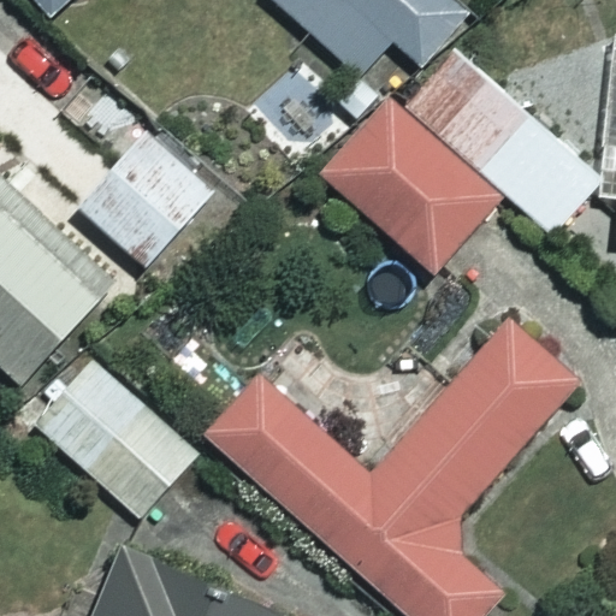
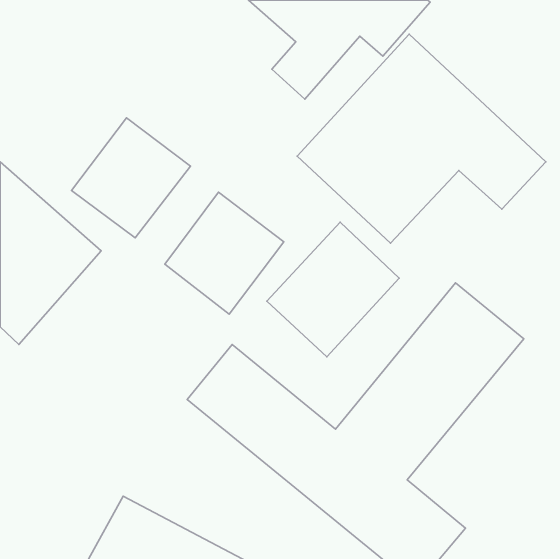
building: none -> [165,192,284,314]
building: none -> [267,222,399,357]
building: [34,361,197,516] -> none

